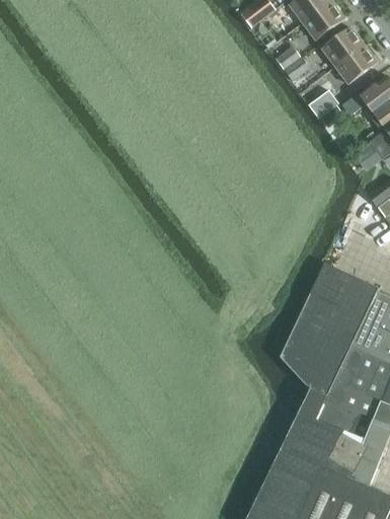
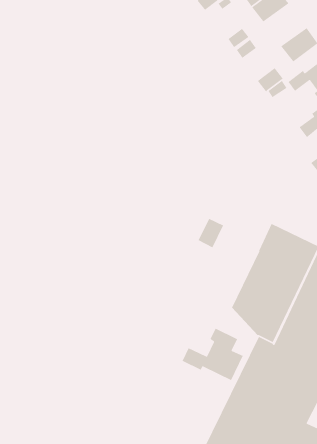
building: [321,26,364,66] -> none
building: none -> [198,218,224,249]
building: none -> [181,328,244,381]

